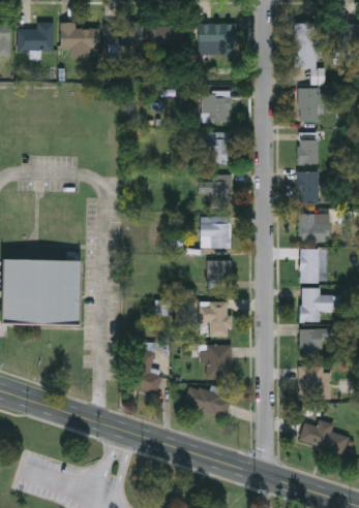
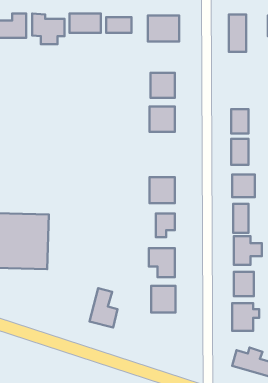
building: [298,88,324,123] -> none
building: [202,176,232,205] -> none
building: [184,386,232,418] -> none

